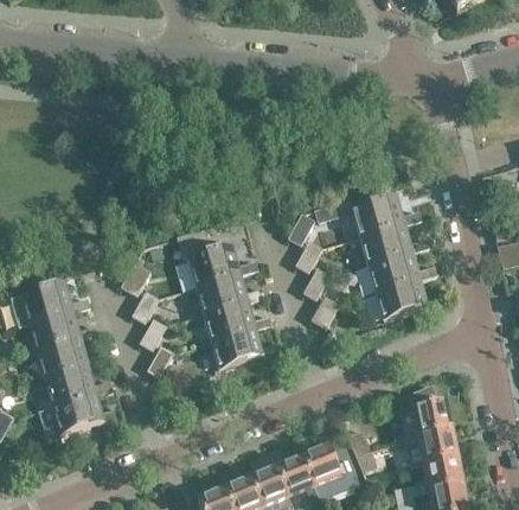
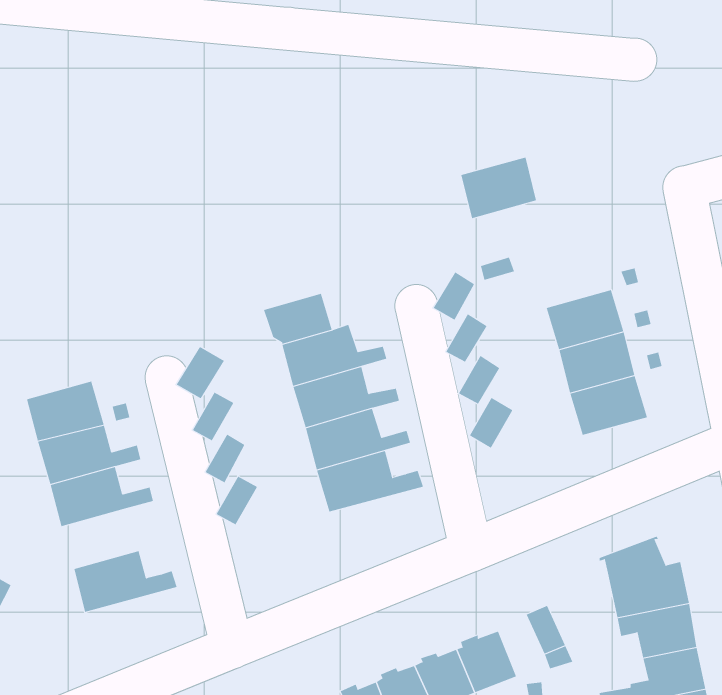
building: [353,196,403,236] -> [460,157,537,219]
building: [45,366,113,406] -> none

